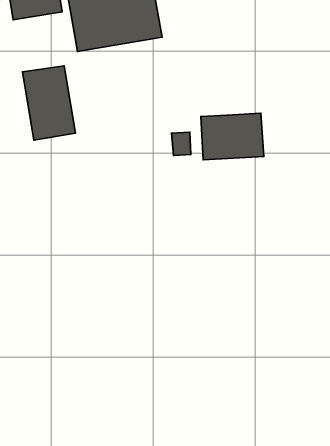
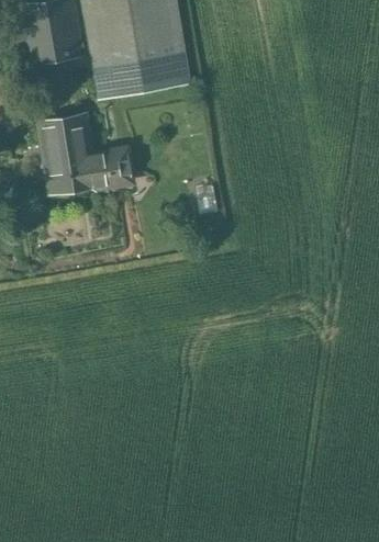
building: none -> [91,149,133,188]
building: [201,113,264,160] -> none

